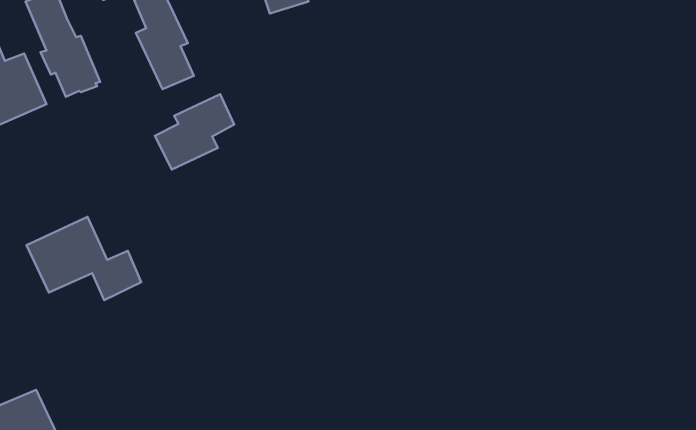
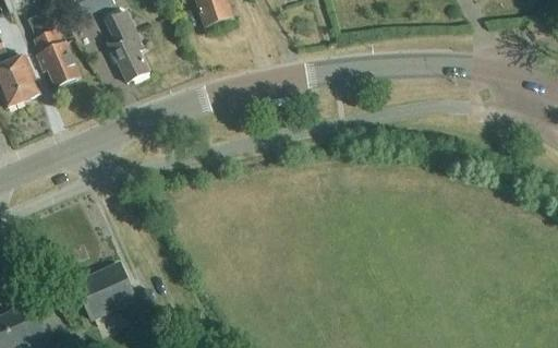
building: [155,94,234,170] -> none
building: [27,217,141,300] -> [74,262,158,323]

